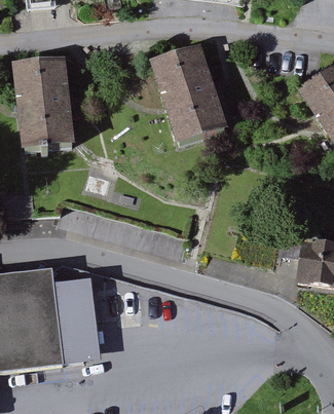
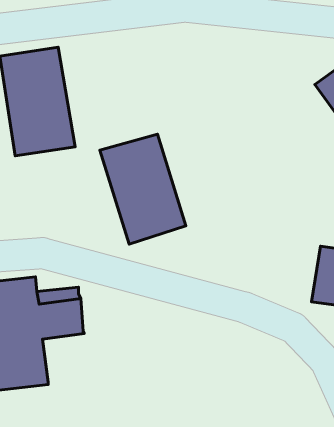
building: [144,41,222,141] -> [100,134,186,244]
building: [53,316,97,361] -> none

